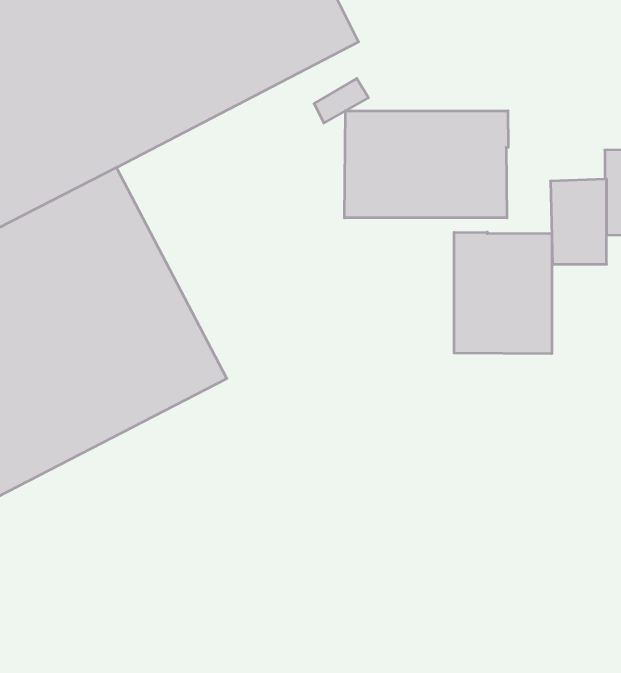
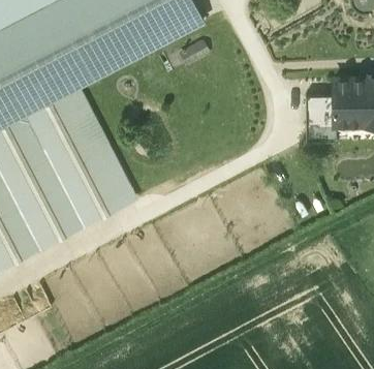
building: [344,111,508,218] -> none
building: [454,232,552,354] -> none

